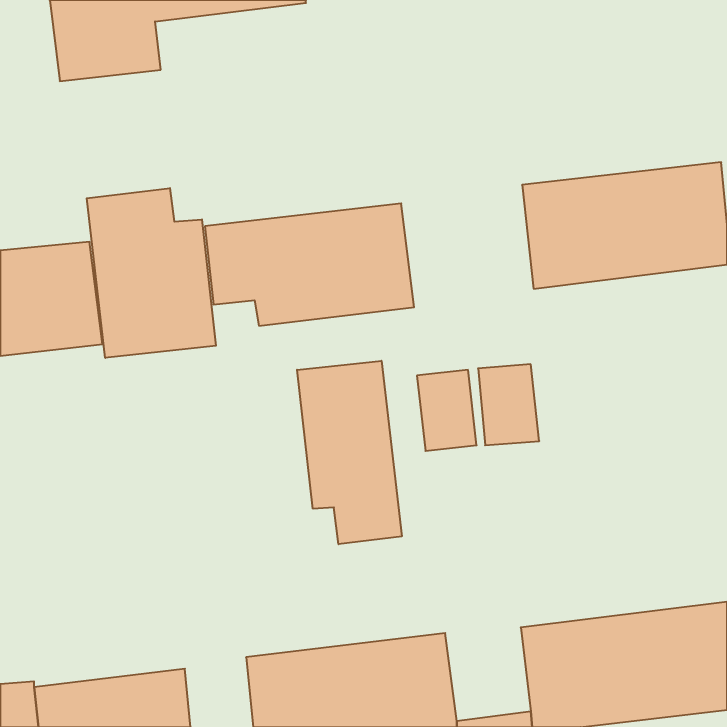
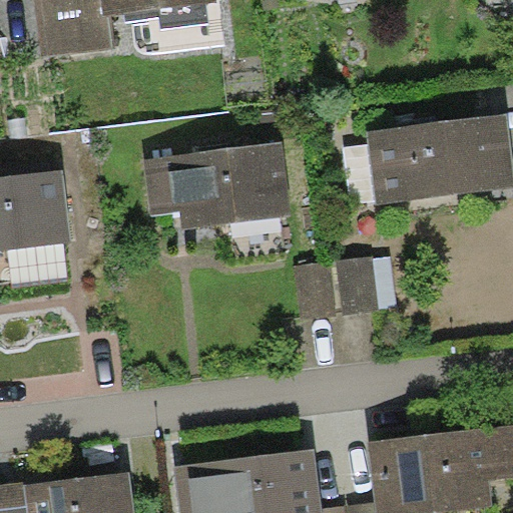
building: [87,188,216,358] -> none
building: [297,361,402,544] -> none

